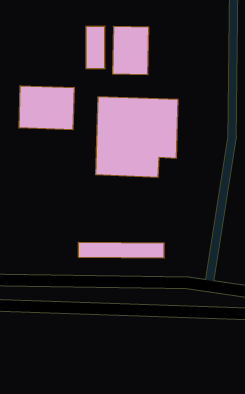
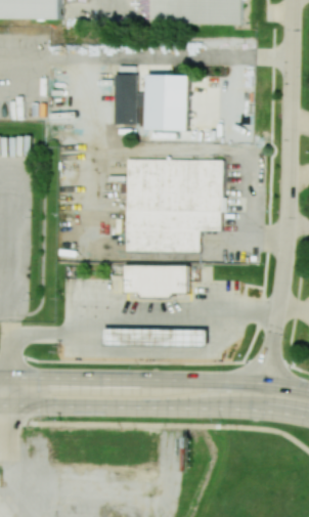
building: [19,86,74,130] -> none
building: none -> [124,265,187,298]

